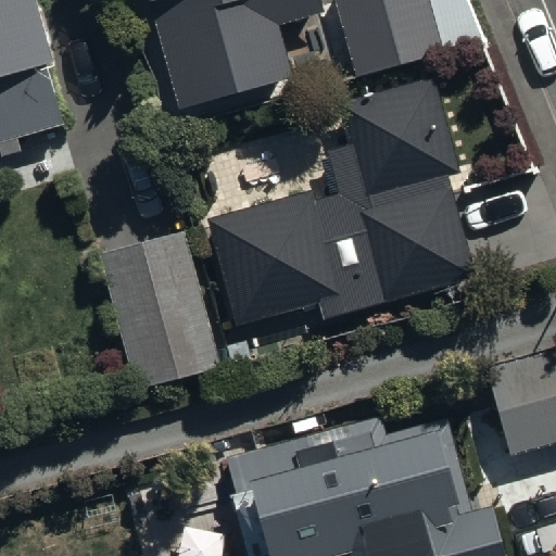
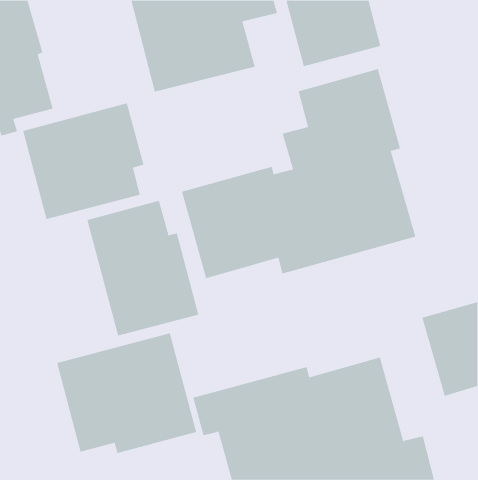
building: none -> [22,102,144,220]
building: none -> [57,332,197,454]

